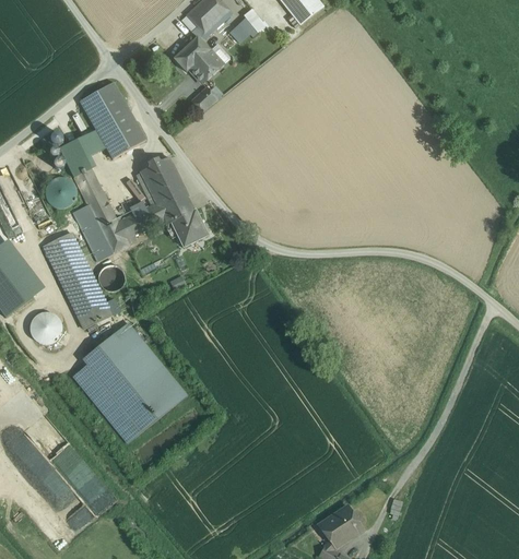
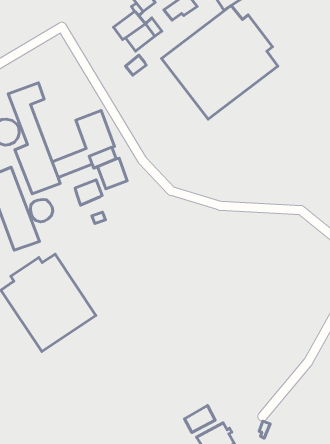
building: none -> [162,5,278,119]
building: [79,81,145,157] -> none
building: none -> [75,180,102,205]
building: none -> [184,406,215,432]

